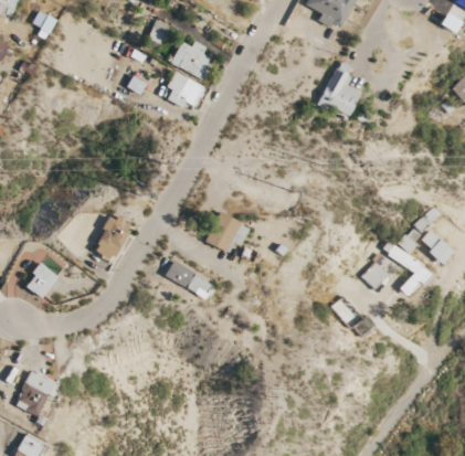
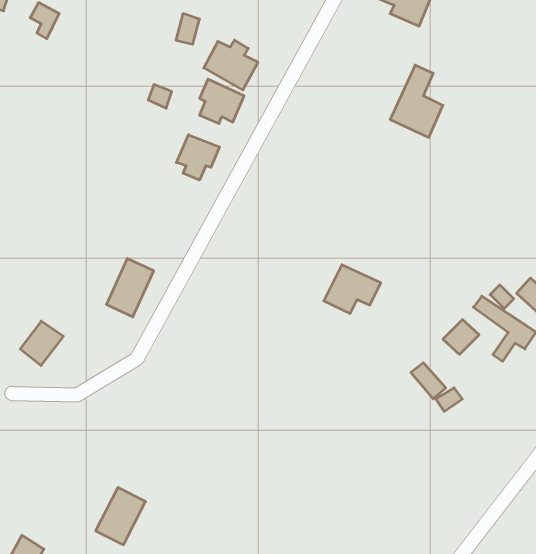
building: none -> [176,135,220,180]
building: [204,213,250,252] -> [324,265,381,313]
building: [165,263,212,296] -> none
building: [14,371,54,416] -> [96,488,146,545]

